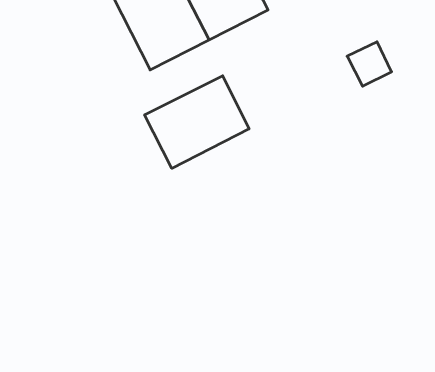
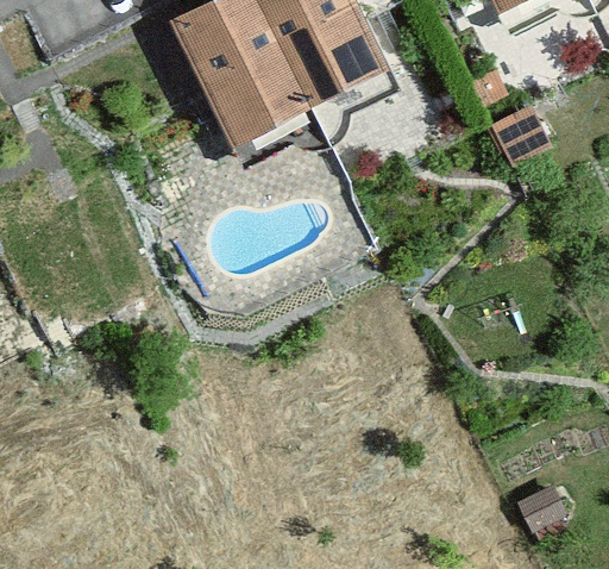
building: [145,76,249,168] -> none

